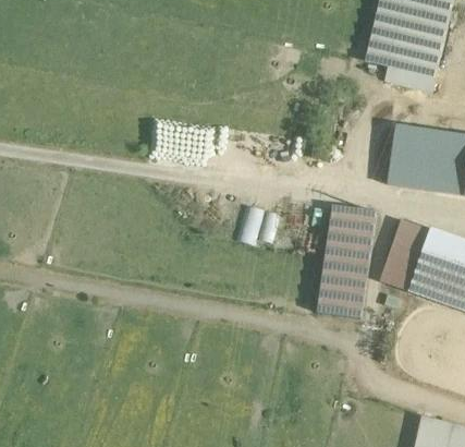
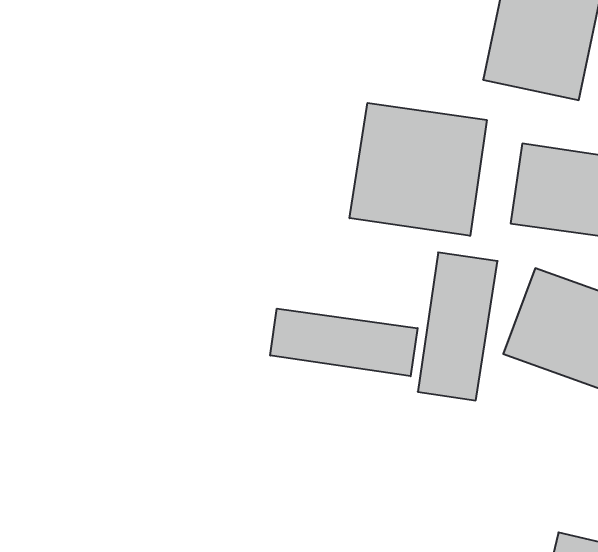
building: none -> [350,103,487,236]
building: none -> [270,309,418,376]

